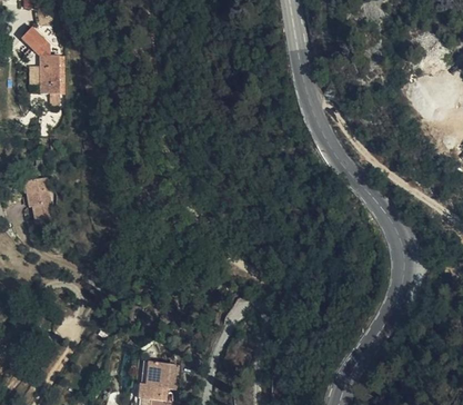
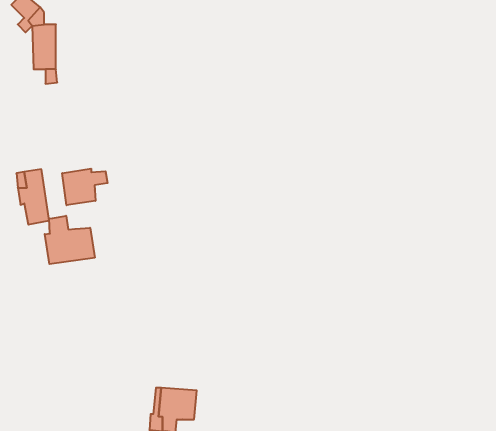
building: none -> [62,169,108,205]
building: none -> [45,216,95,264]

